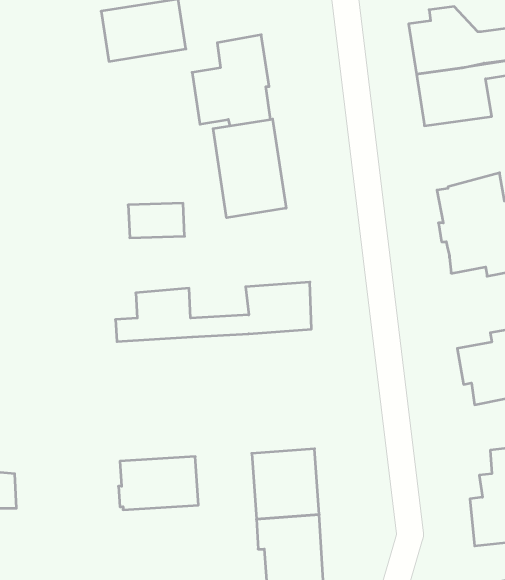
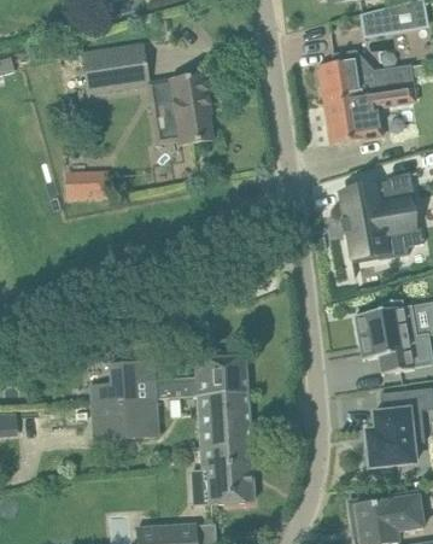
building: [213,119,286,218] -> none
building: [128,203,185,238] -> [68,169,111,195]
building: [115,282,311,342] -> [95,355,246,400]

